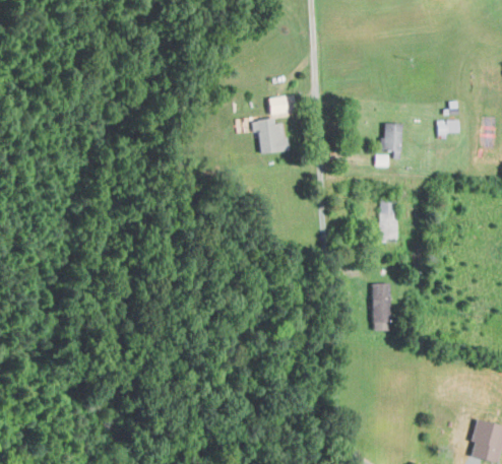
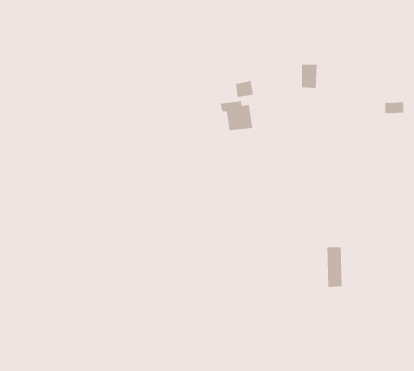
building: [382,124,400,152] -> [301,64,317,89]
building: [380,201,398,241] -> none

